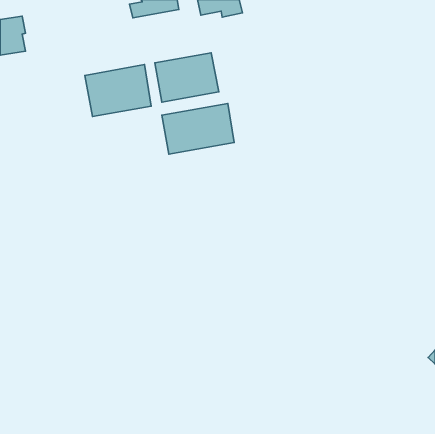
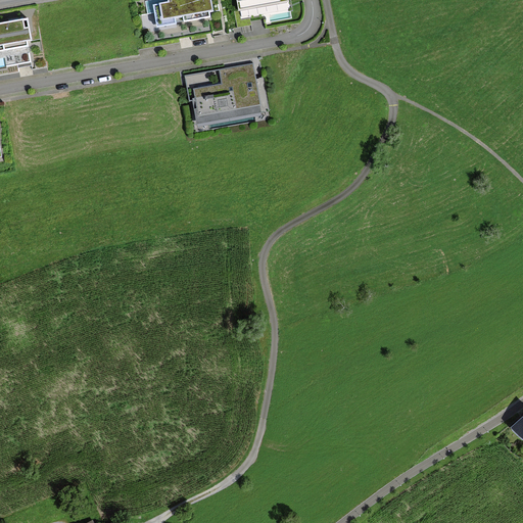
building: [85,65,151,117] -> none
building: [162,103,234,154] -> none

